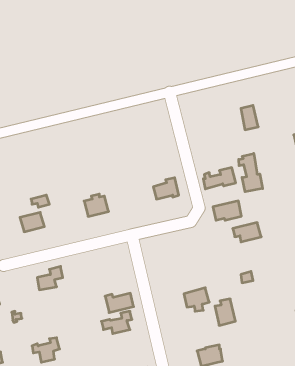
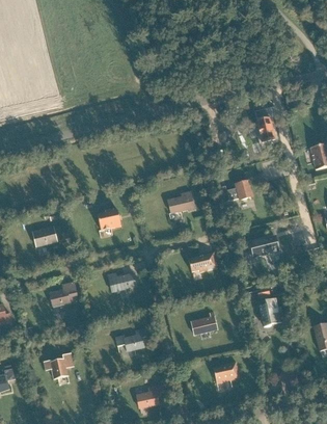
building: [239,153,263,192] -> none
building: [213,201,241,220] -> [188,253,217,272]
building: [105,293,134,313] -> [108,272,137,292]
building: [215,299,235,325] -> [260,299,280,326]

